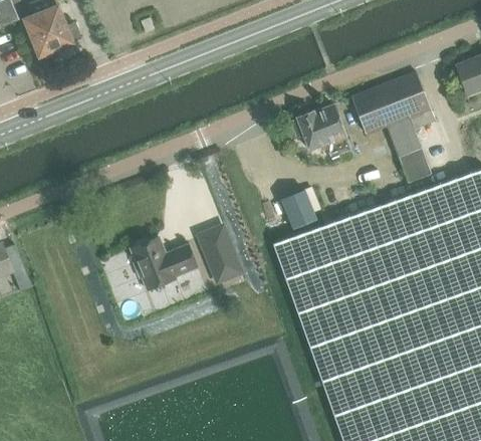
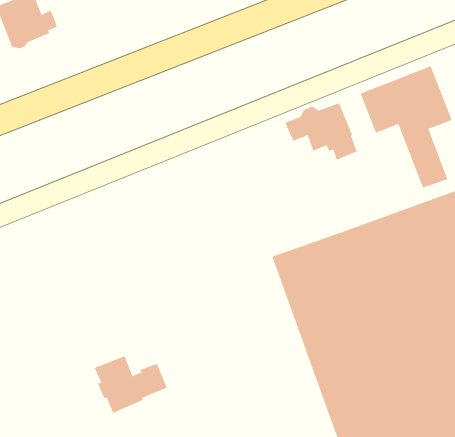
building: [282,190,317,229] -> none
building: [200,227,240,281] -> none
building: [132,238,198,290] -> [94,355,168,414]

